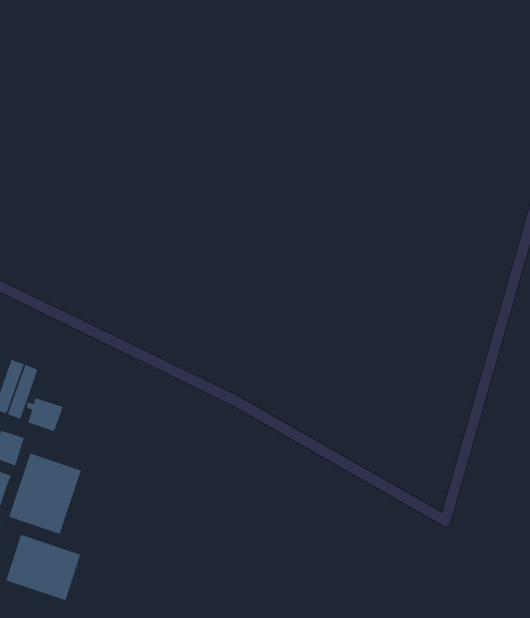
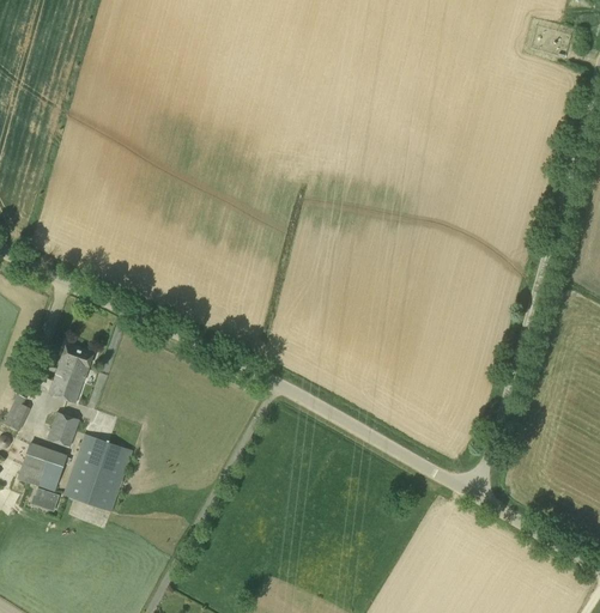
building: [26,397,64,432] -> none
building: [5,534,81,601] -> none

